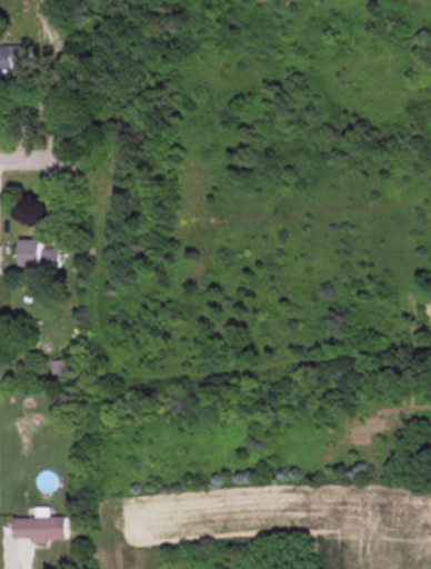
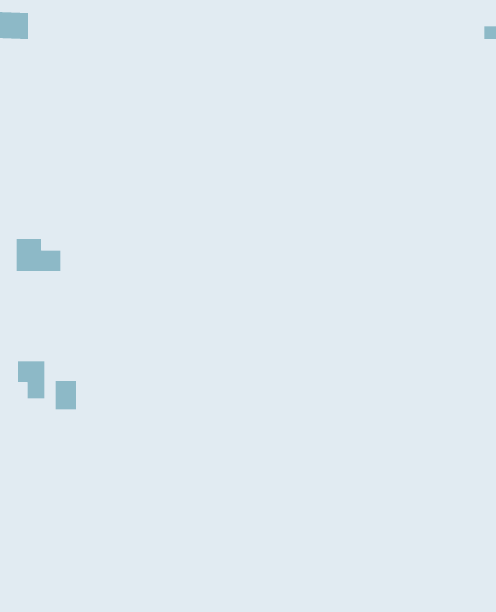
building: none -> [17,361,45,399]
building: [11,517,64,541] -> none

